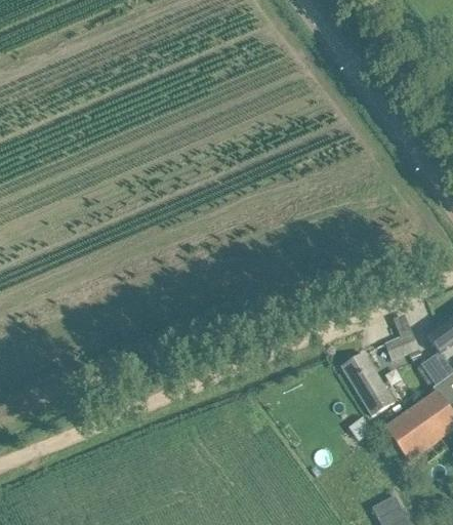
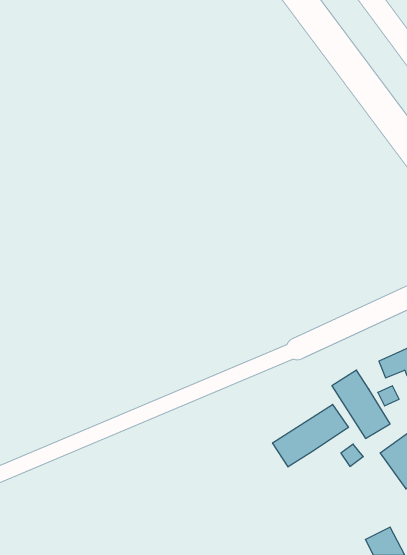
building: none -> [273,404,348,467]

